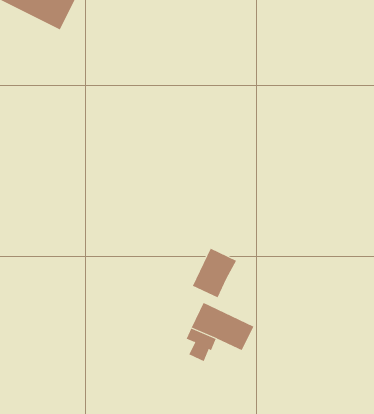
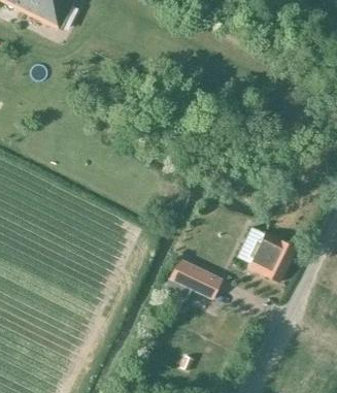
building: [192,248,237,298] -> none
building: none -> [250,232,297,281]

